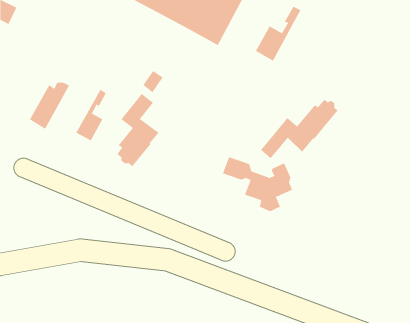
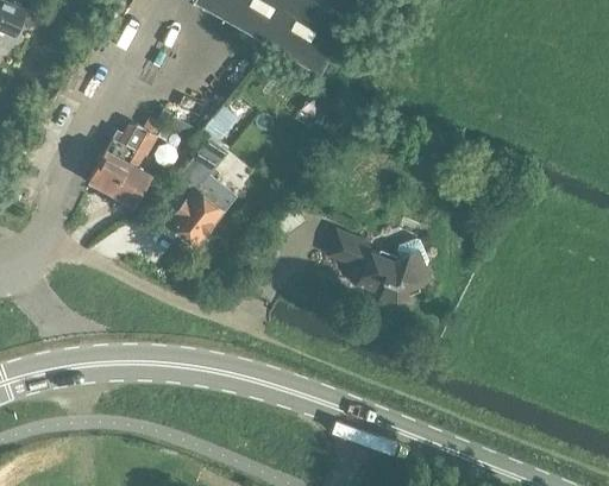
building: [255,6,301,62] -> none
building: [29,82,70,129] -> [89,128,149,197]
building: [260,99,338,159] -> none

